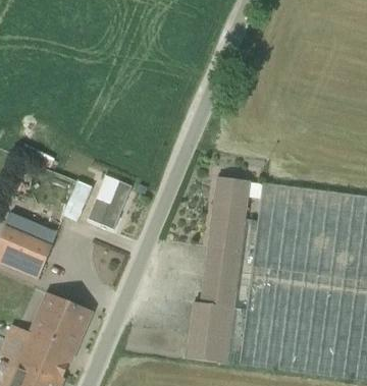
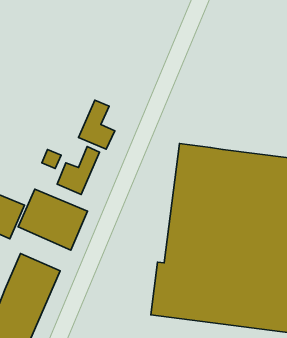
building: none -> [79,100,115,149]
building: none -> [18,189,88,250]

